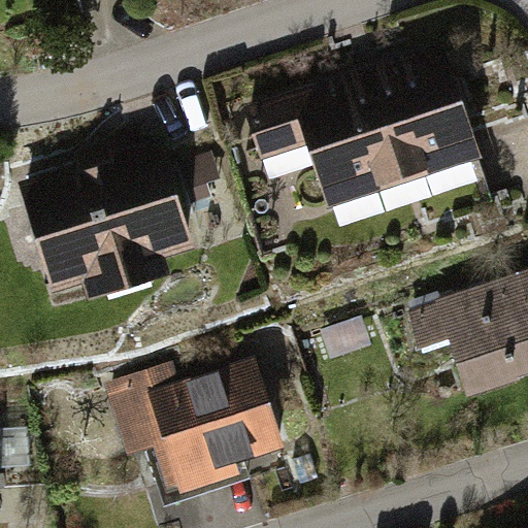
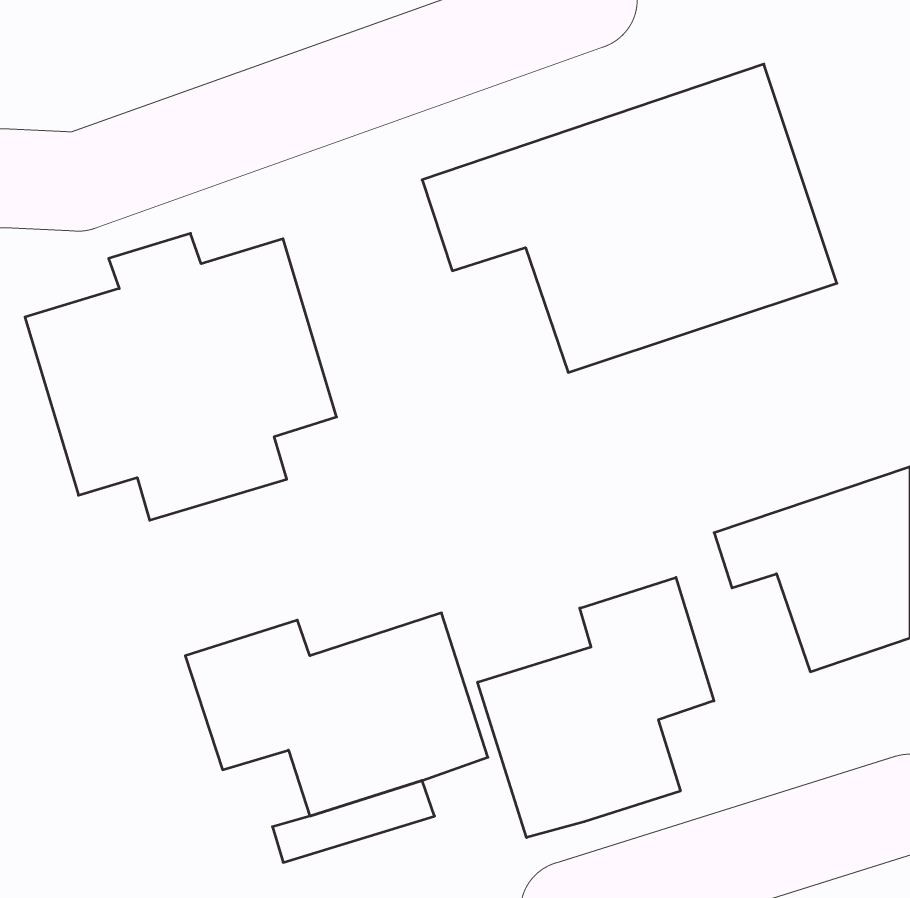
building: none -> [478,577,714,838]

